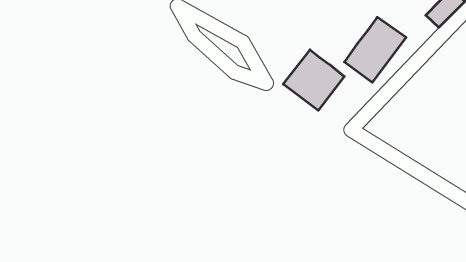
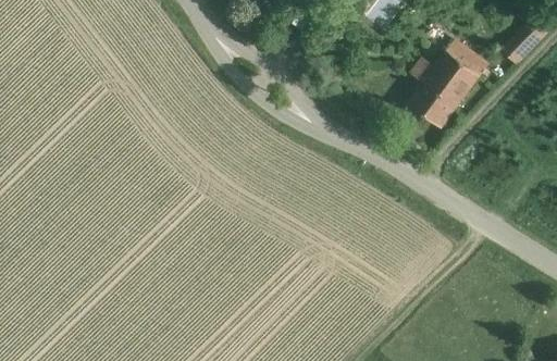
building: [283,50,344,110] -> none

